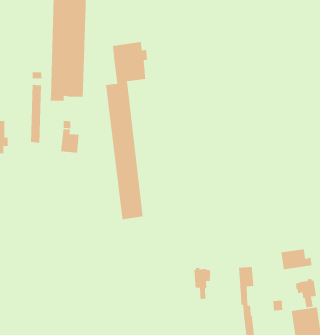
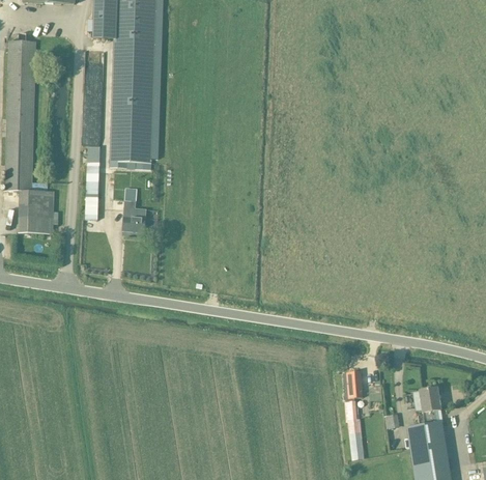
building: [105,41,148,220] -> none
building: [280,248,313,270] -> none
building: [194,267,211,300] -> none

